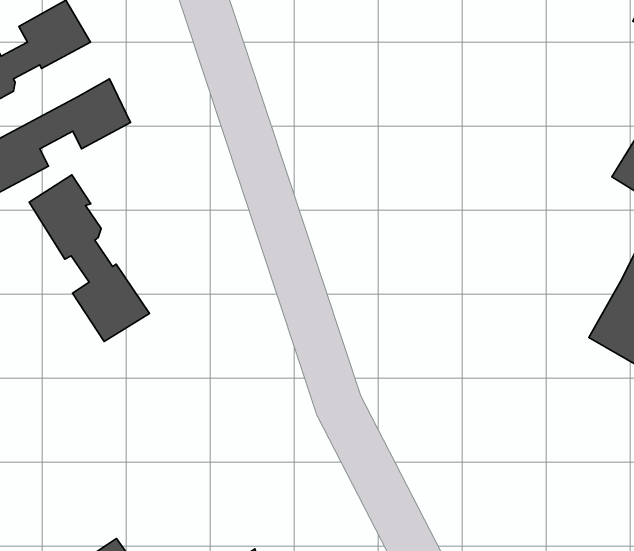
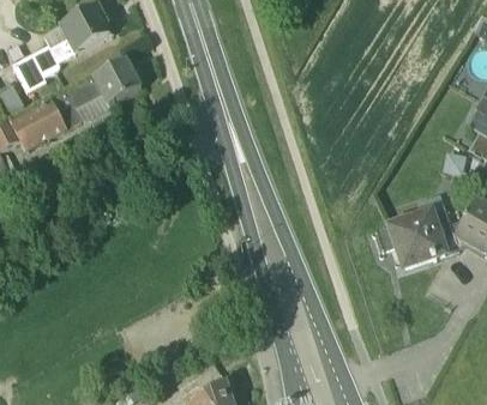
building: [29,175,150,342] -> none
building: none -> [377,210,456,266]

